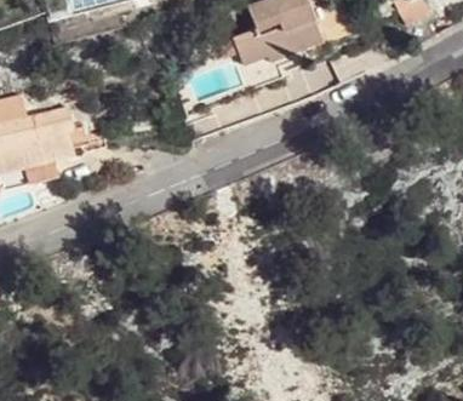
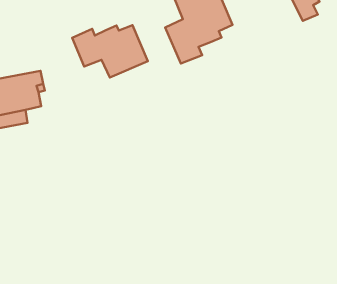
building: none -> [72,25,148,78]

